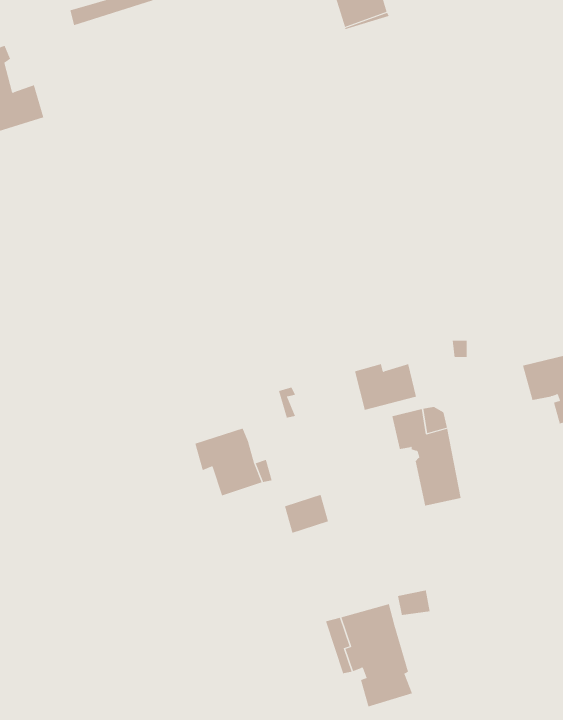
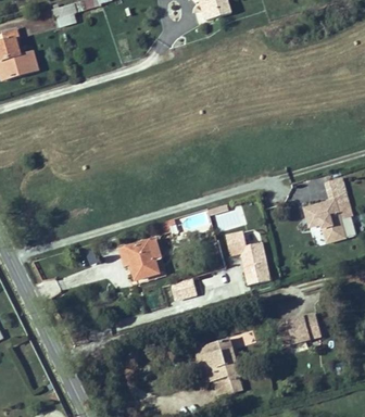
building: none -> [278,313,320,345]

